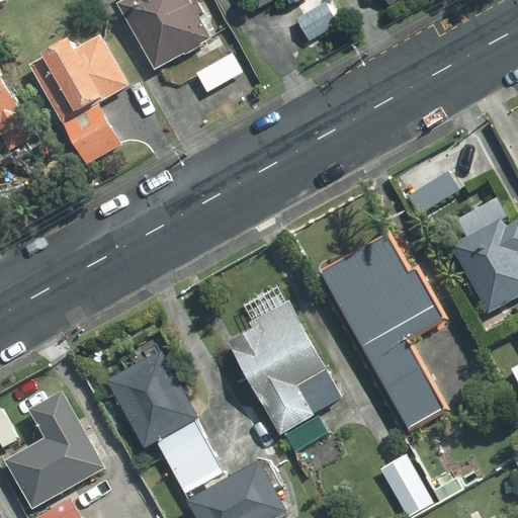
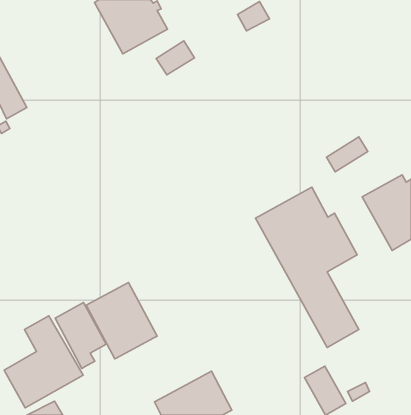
building: [30,35,126,162] -> none
building: [230,301,340,449] -> none
building: [156,420,220,502] -> [55,303,106,369]

